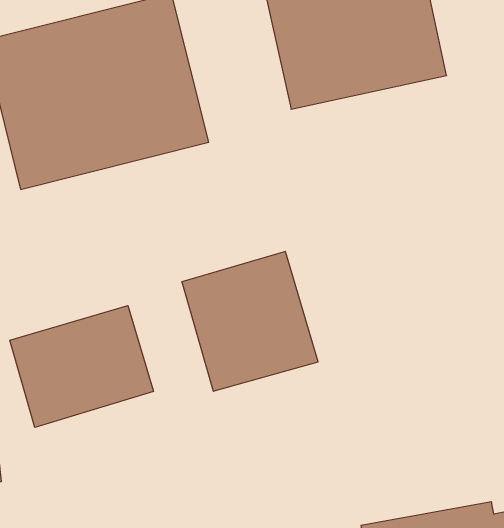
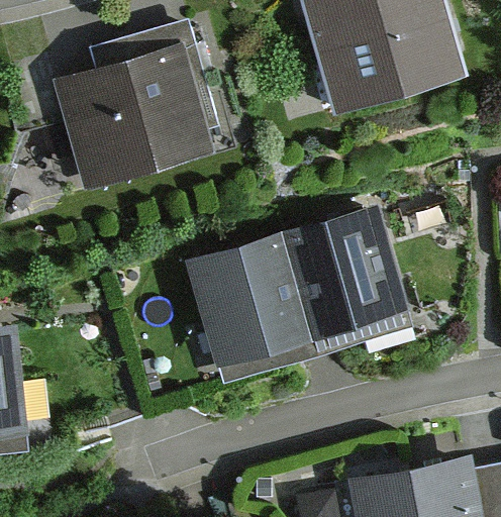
building: none -> [301,217,420,341]
building: [10,306,153,427] -> none

